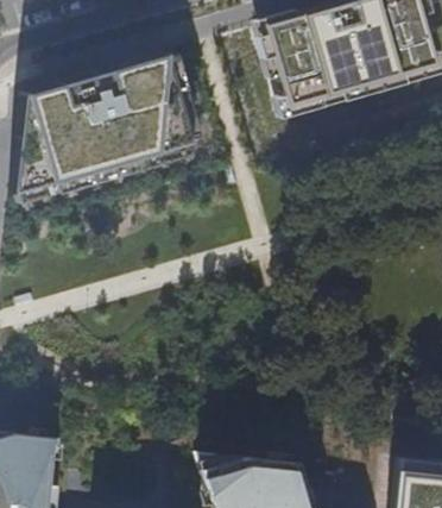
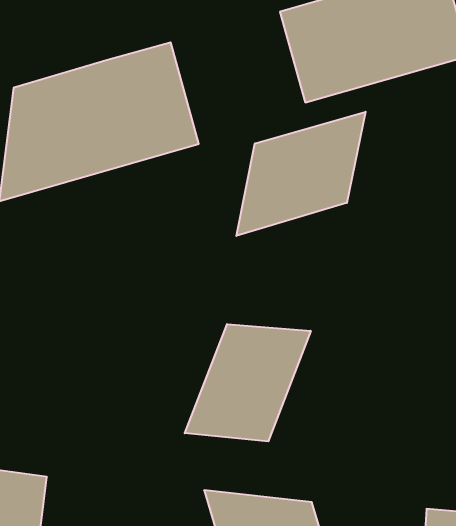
building: none -> [236,112,366,236]
building: none -> [185,324,311,441]

